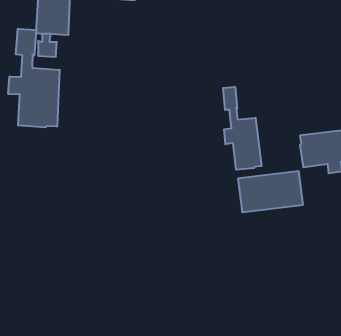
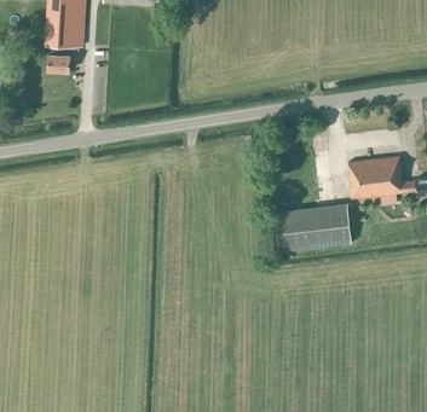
building: [8,29,60,127] -> none
building: [223,87,261,170] -> none

